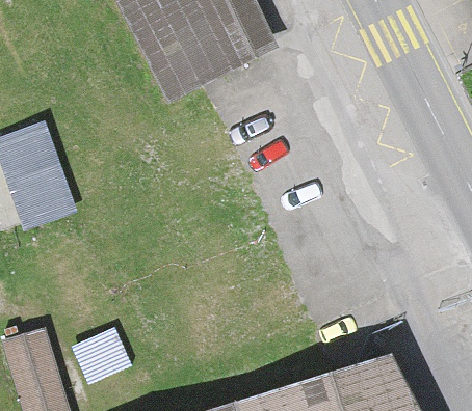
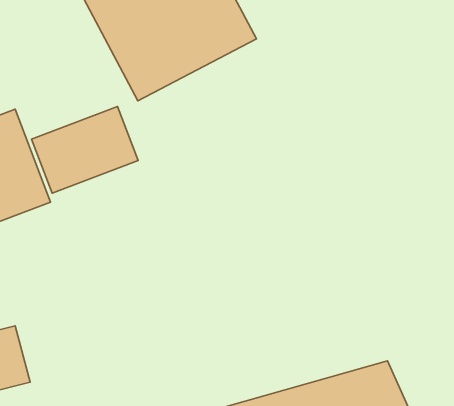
building: none -> [32,106,138,193]

